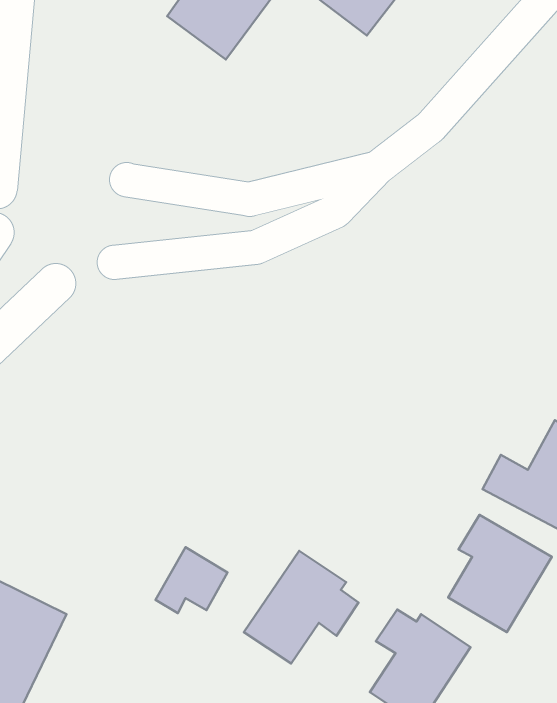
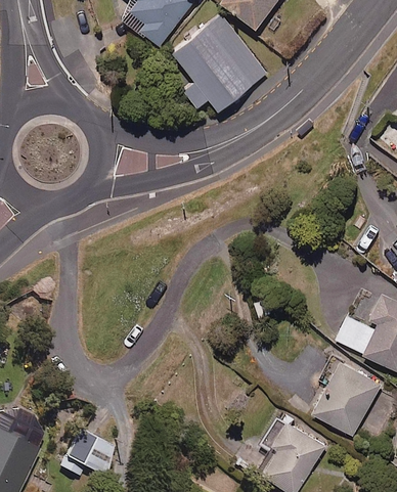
building: none -> [174,12,267,108]
building: [155,547,227,613] -> [61,431,111,476]
building: [244,551,359,664] -> none

